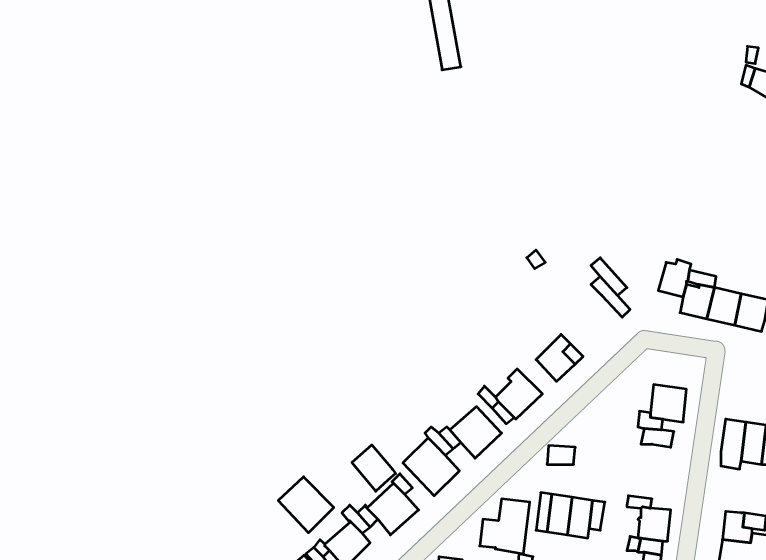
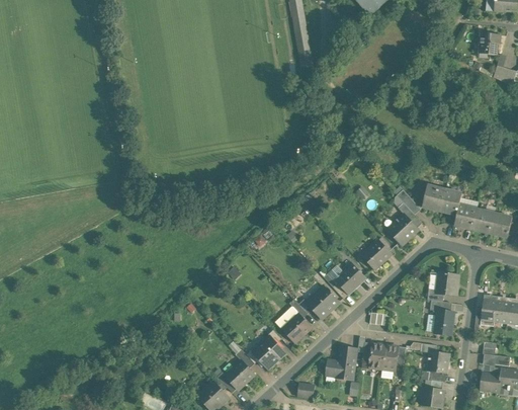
building: none -> [479,32,500,58]
building: none -> [423,186,445,211]
building: none -> [386,214,418,245]
building: none -> [434,310,453,334]
building: [352,445,396,491] -> none
building: [278,477,334,533] -> none

